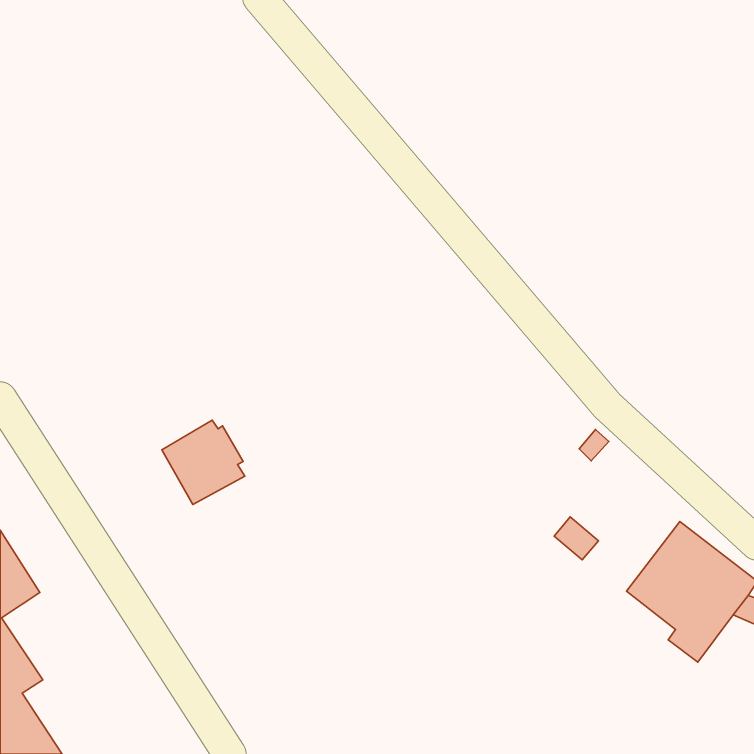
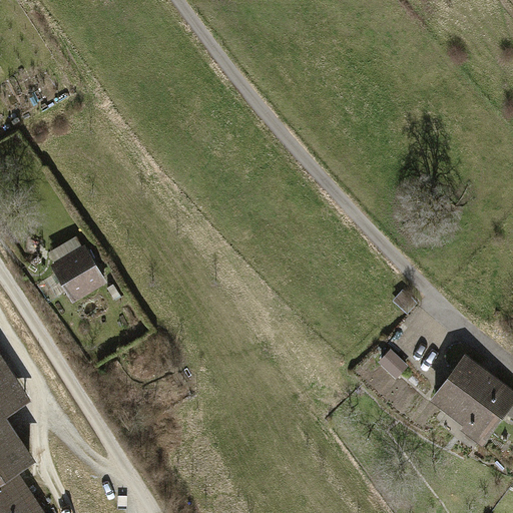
building: [162,420,245,504] -> [49,244,105,302]

